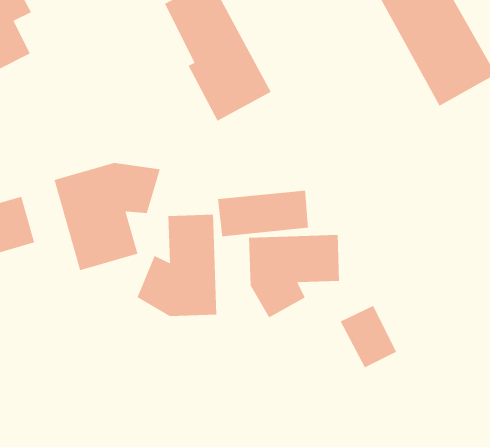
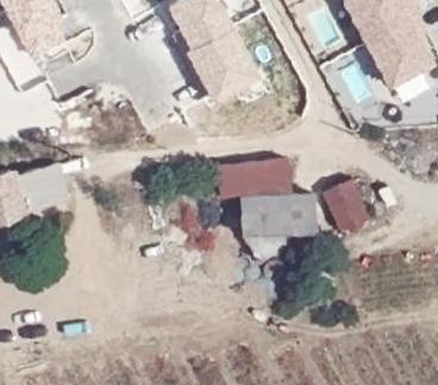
building: [53,162,161,271] -> none
building: [136,214,217,317] -> none
building: [339,305,397,368] -> [321,178,368,229]

